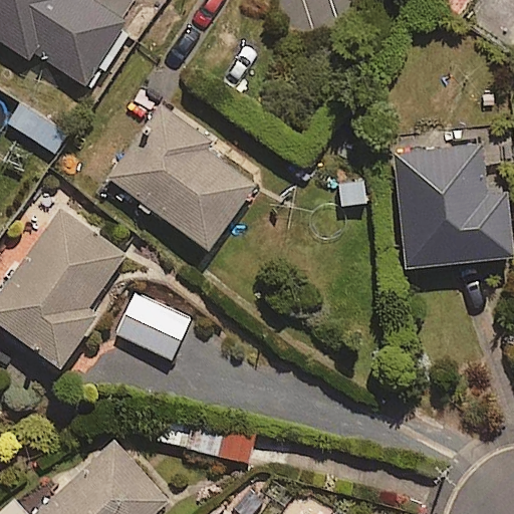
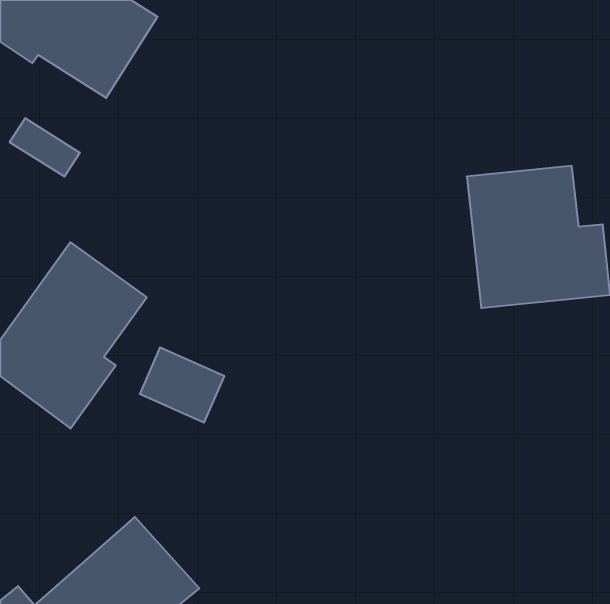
building: [108,105,259,248] -> none

